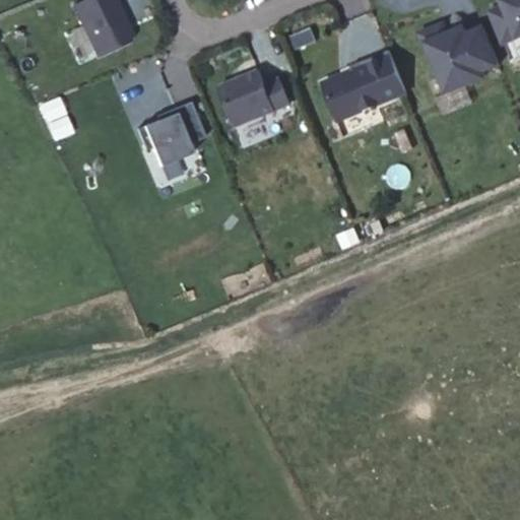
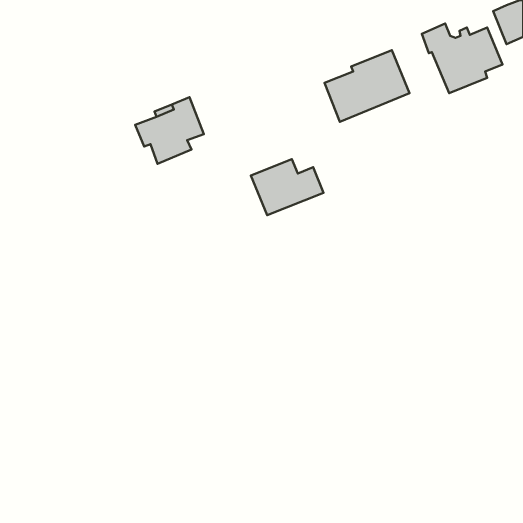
building: [83,4,134,56] -> none
building: [217,71,289,127] -> [251,159,324,215]

